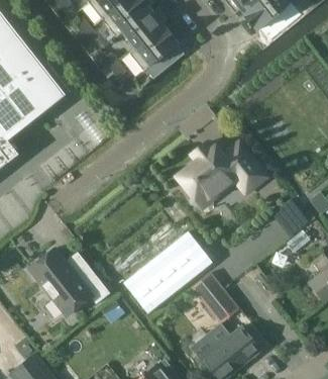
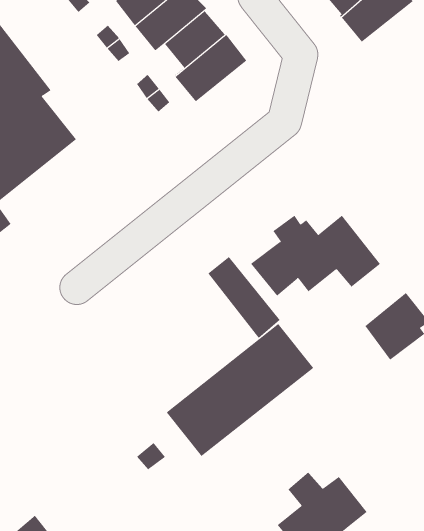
building: none -> [207,256,280,339]
building: [28,248,108,315] -> none
building: [191,272,238,323] -> none

